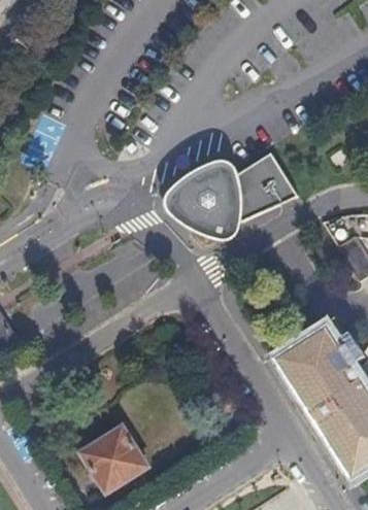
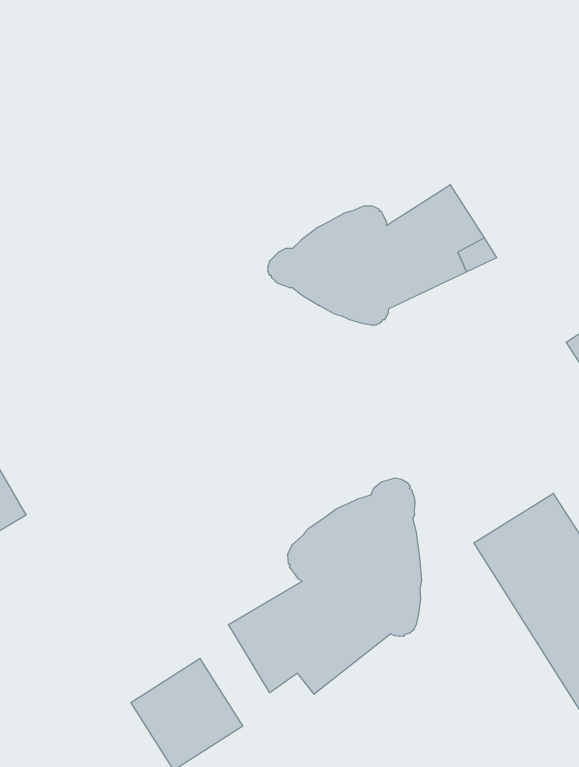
building: none -> [228,478,421,694]

